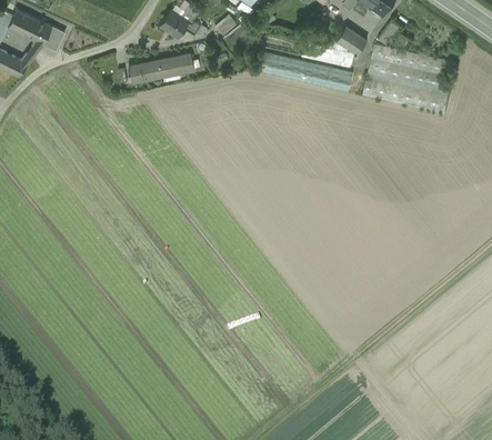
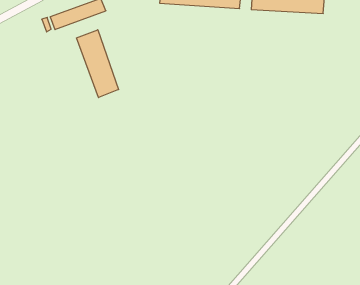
building: none -> [77,30,119,98]

